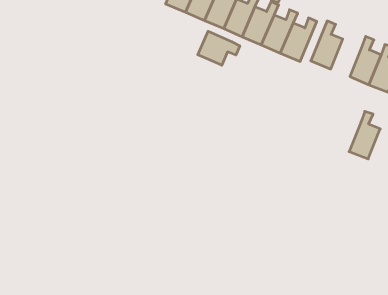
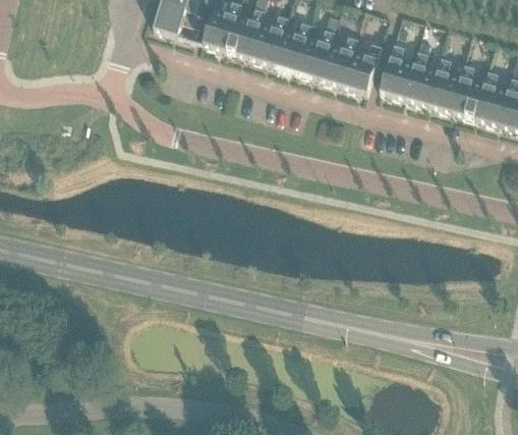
building: [198,31,240,65] -> none
building: [349,111,380,159] -> [404,48,438,103]

